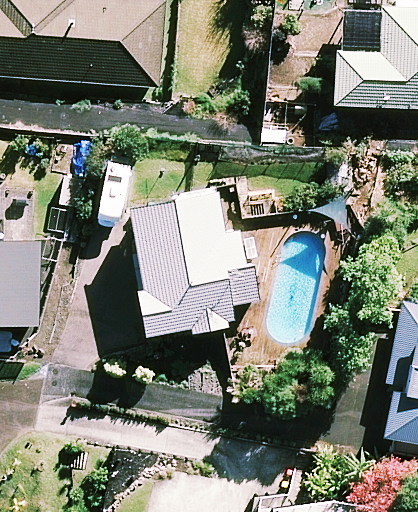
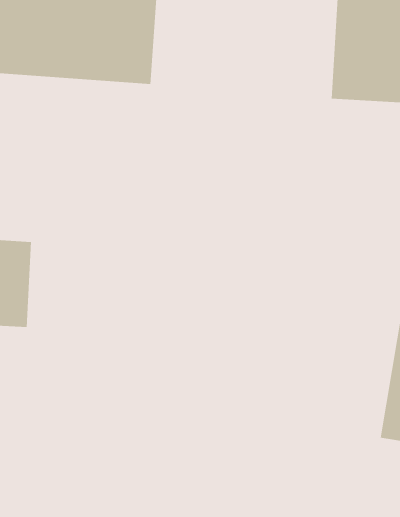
building: [131,187,251,331] -> none

